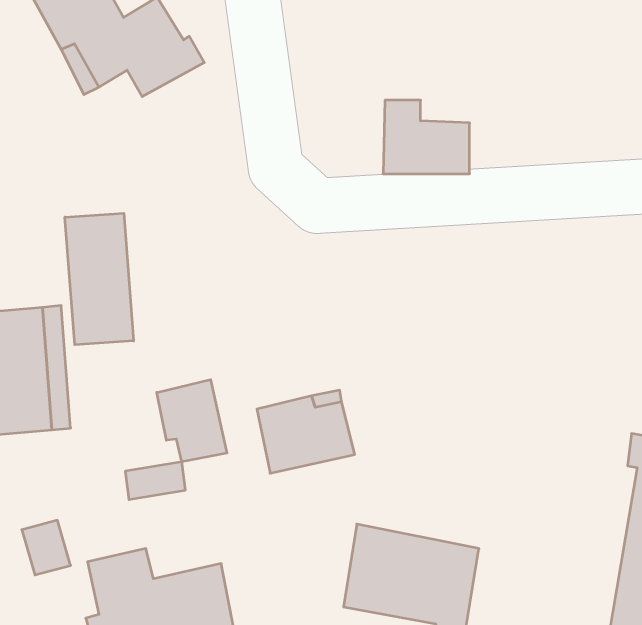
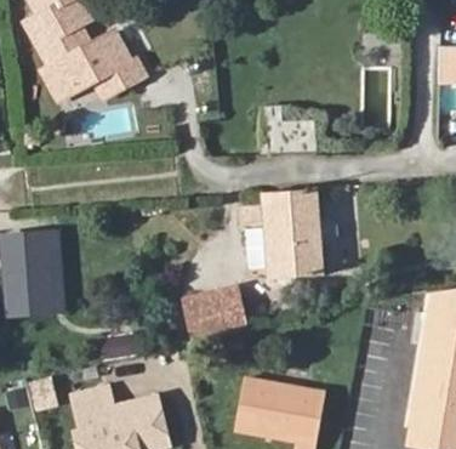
building: [65,213,134,345] -> none
building: none -> [240,187,336,279]
building: [157,380,227,462] -> none

